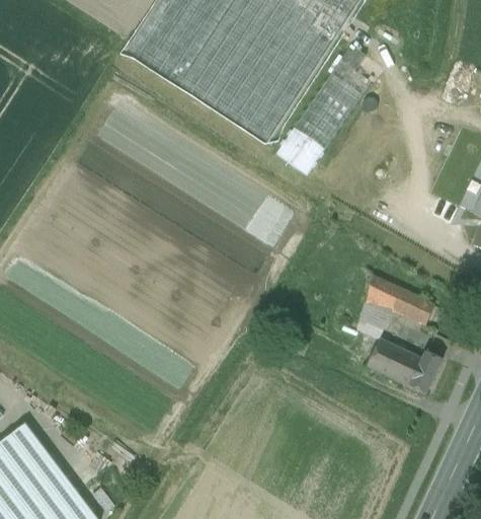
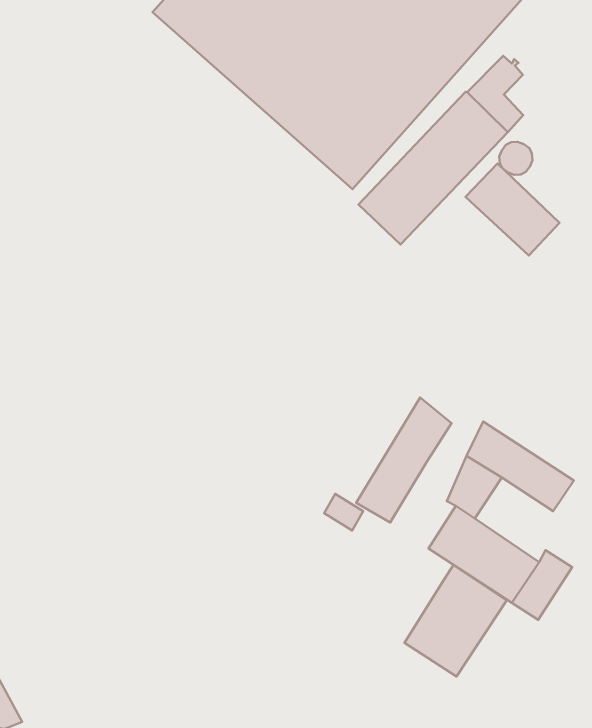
building: none -> [465,164,559,255]
building: none -> [356,397,452,522]
building: none -> [405,565,507,677]

